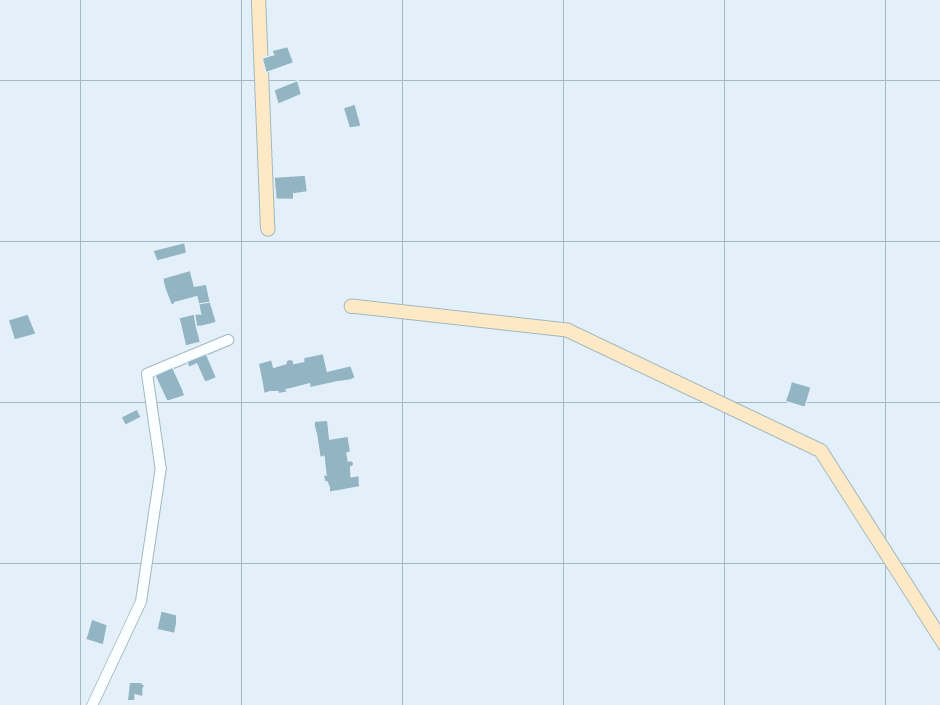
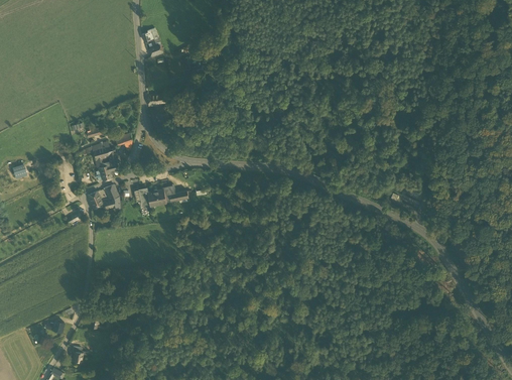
building: [314,420,360,492] -> none

